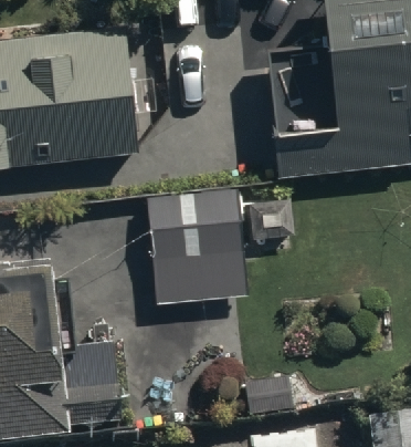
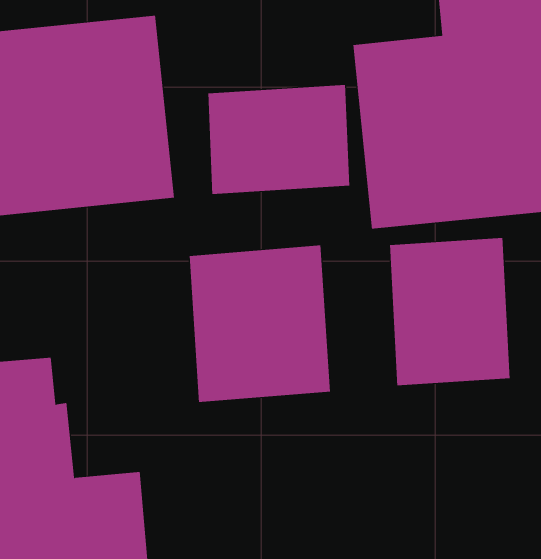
building: none -> [208,84,350,195]
building: none -> [390,237,510,386]

